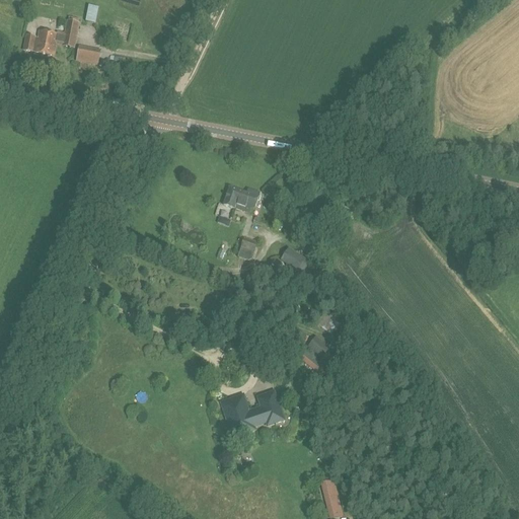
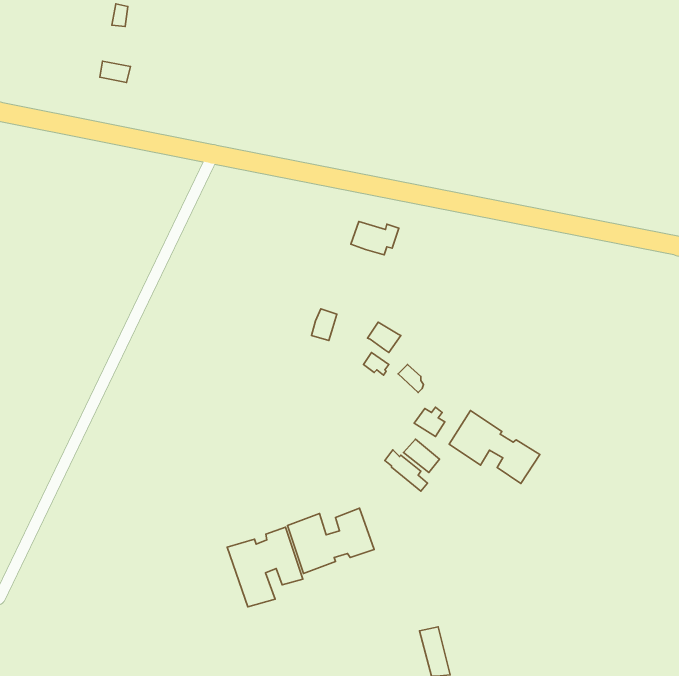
building: [23,18,78,54] -> none
building: [223,186,260,211] -> [351,221,399,255]
building: none -> [449,410,540,484]
building: none -> [227,527,303,607]

